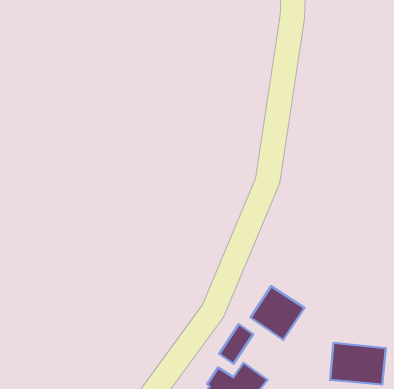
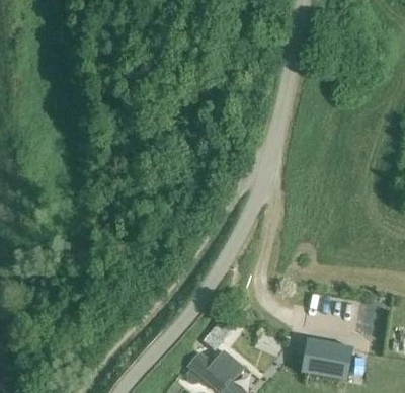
building: [250,286,305,340] -> none

